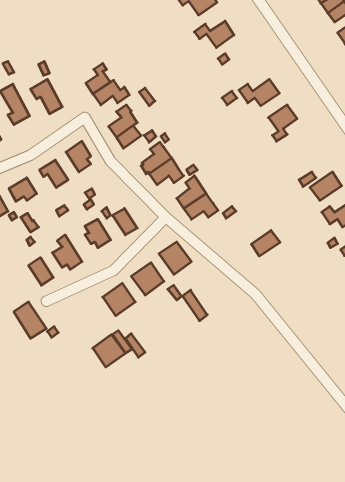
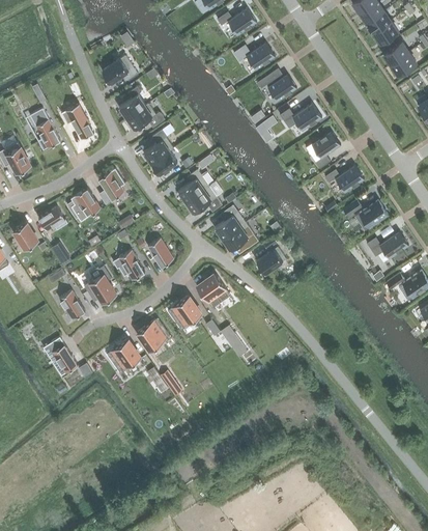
building: none -> [102,55,137,84]
building: none -> [269,72,299,100]
building: none -> [324,164,364,192]
building: [251,230,280,256] -> [256,247,286,274]
building: [93,335,125,367] -> [107,339,141,373]

